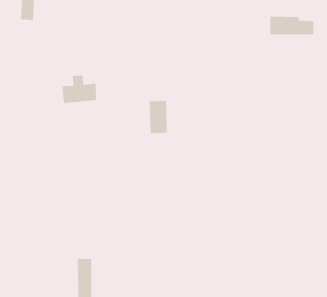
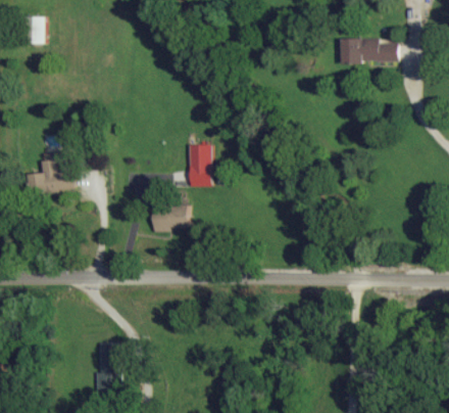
building: [61,75,97,104] -> [28,158,72,195]
building: none -> [152,203,189,232]

